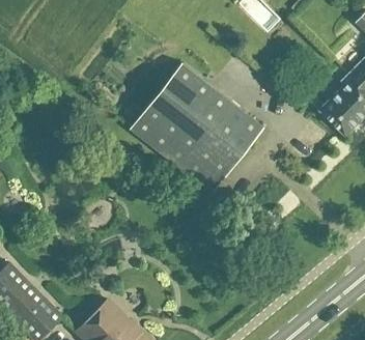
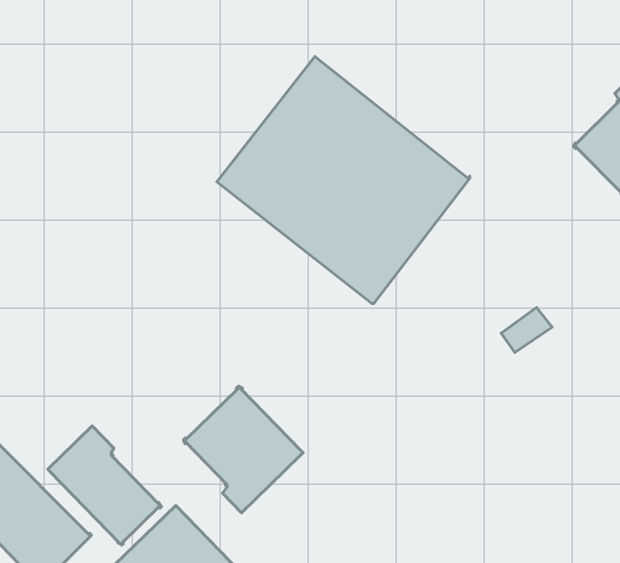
building: none -> [183,386,303,513]
building: none -> [48,426,161,545]

